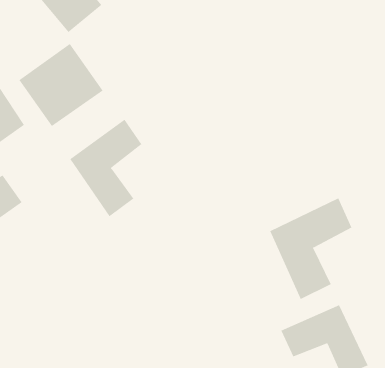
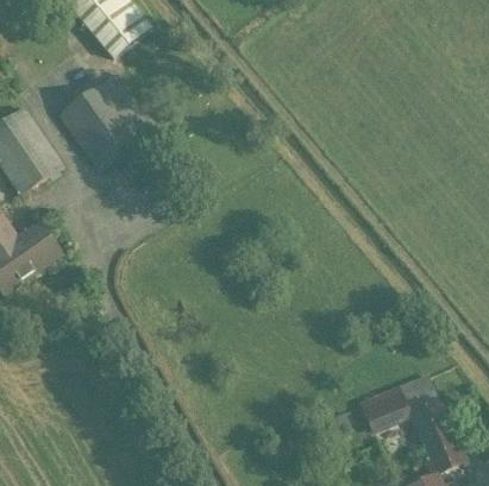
building: [69,119,142,217] -> none
building: [270,198,352,300] -> none

